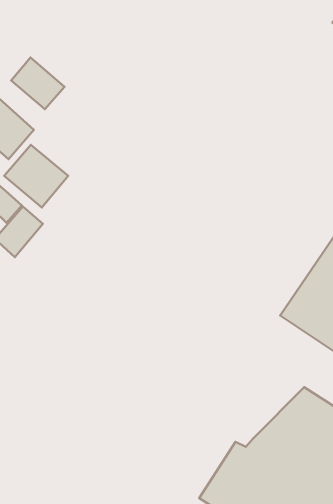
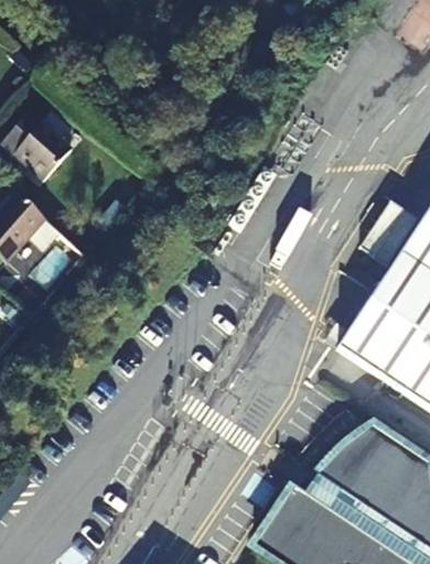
building: [11,57,64,109] -> none
building: [4,145,68,208] -> none

